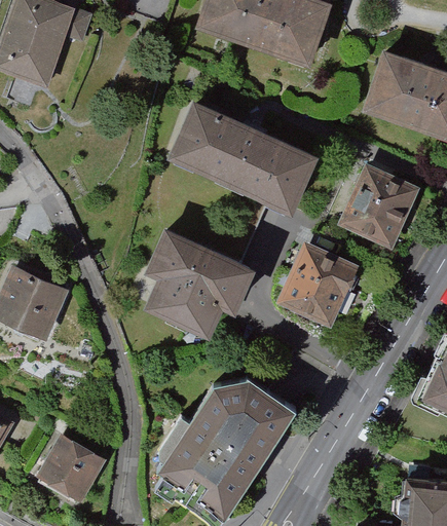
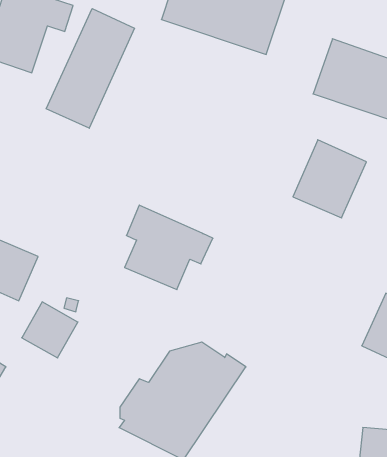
building: none -> [46,9,134,128]
building: [161,93,315,210] -> none
building: [277,242,361,330] -> none
building: [41,430,104,493] -> [22,302,78,358]

